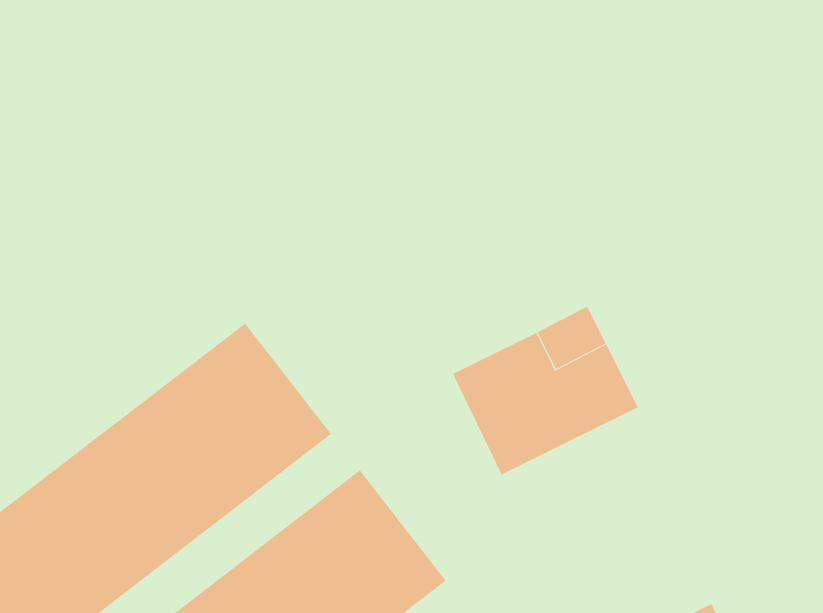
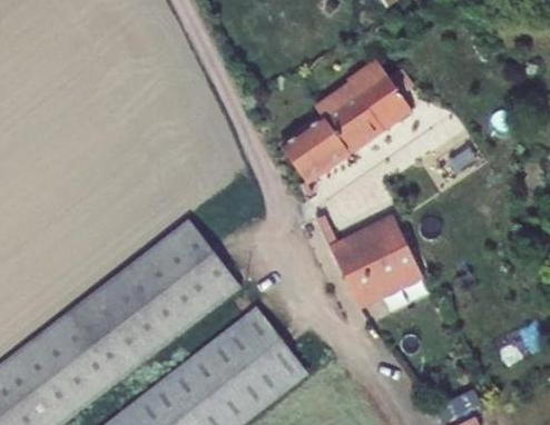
building: none -> [279,59,412,184]

